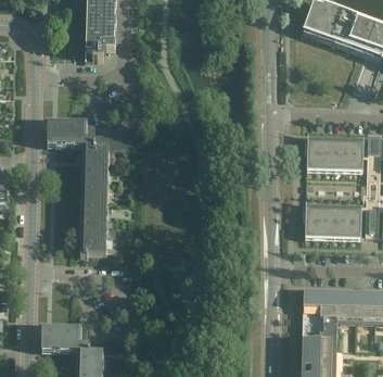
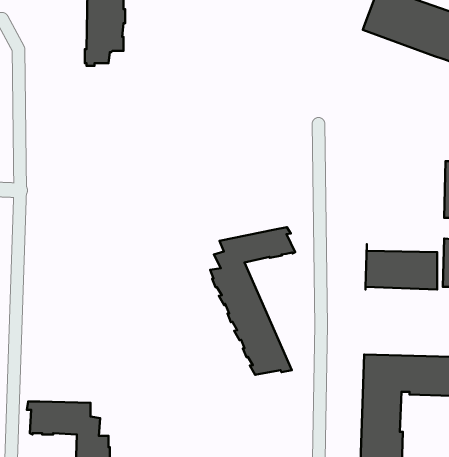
building: [44,121,137,257] -> none
building: [306,135,363,171] -> none
building: none -> [210,227,295,375]

